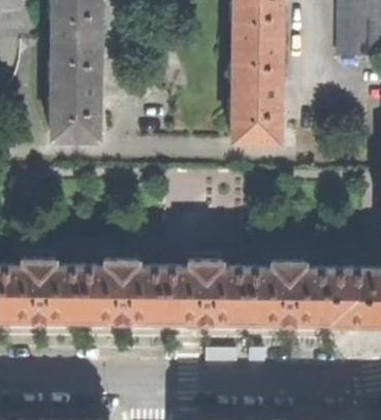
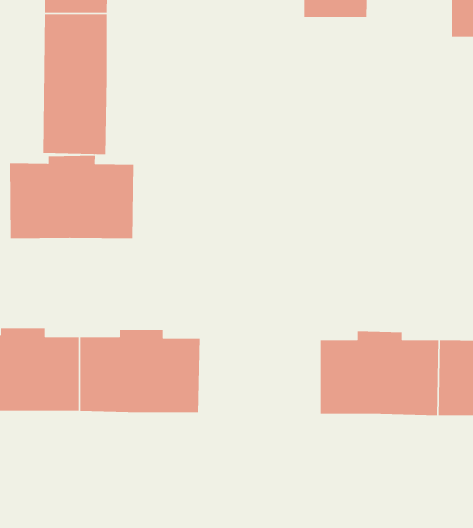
building: [232,47,279,146] -> none
building: none -> [9,155,134,239]
building: [161,265,246,325] -> none

